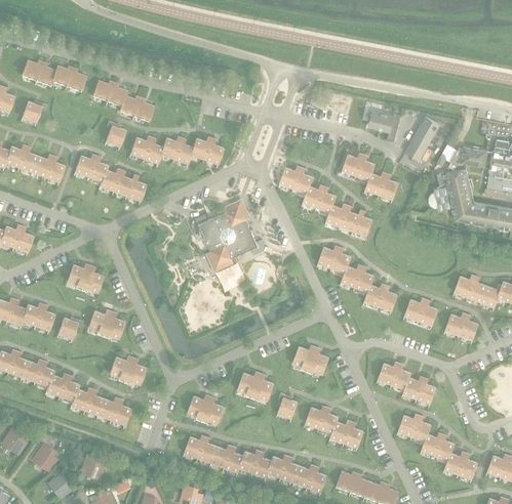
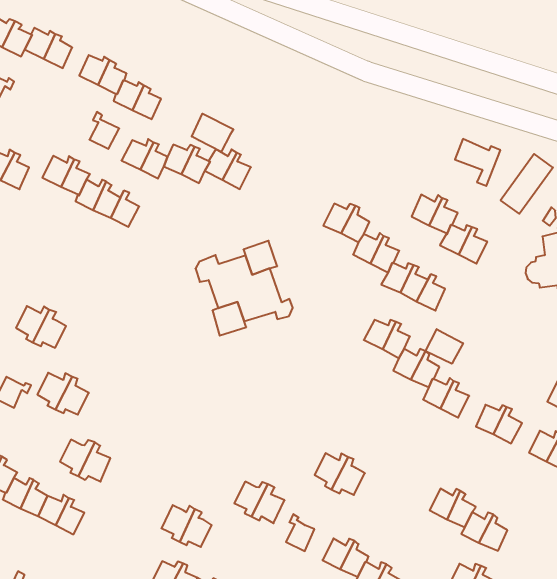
building: none -> [192,114,233,152]
building: none -> [425,329,463,364]

